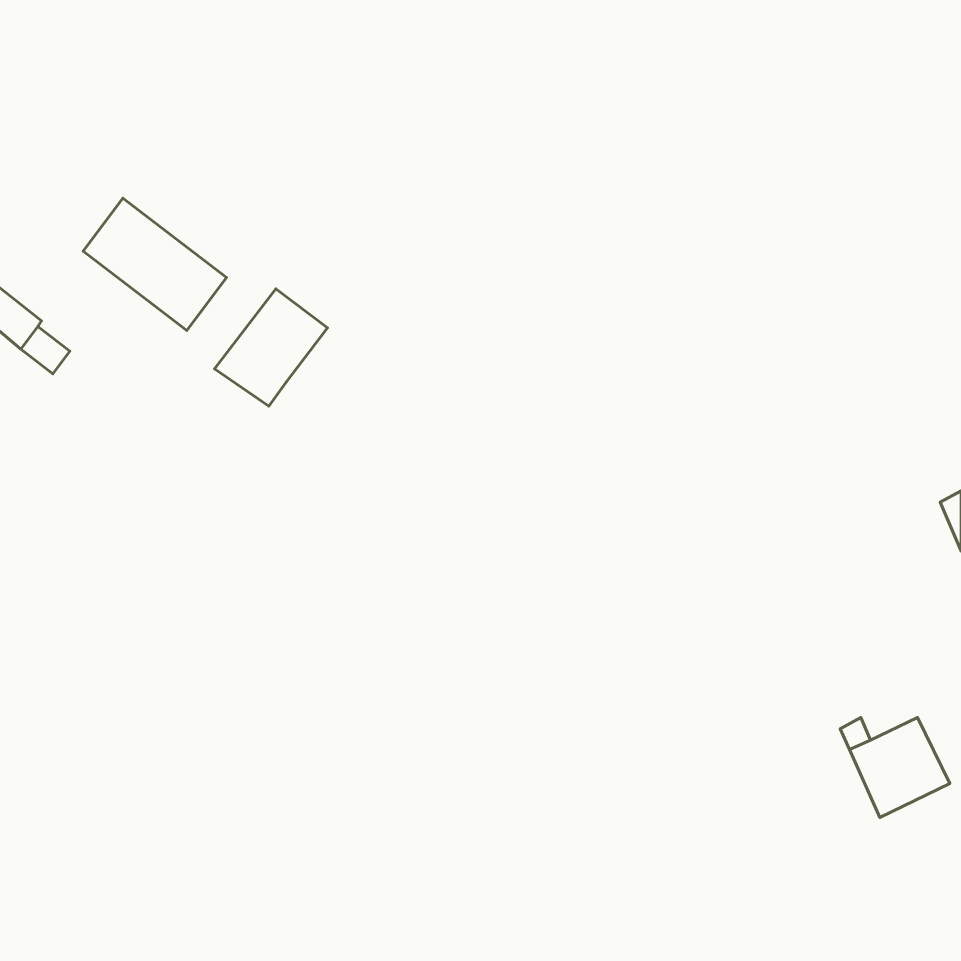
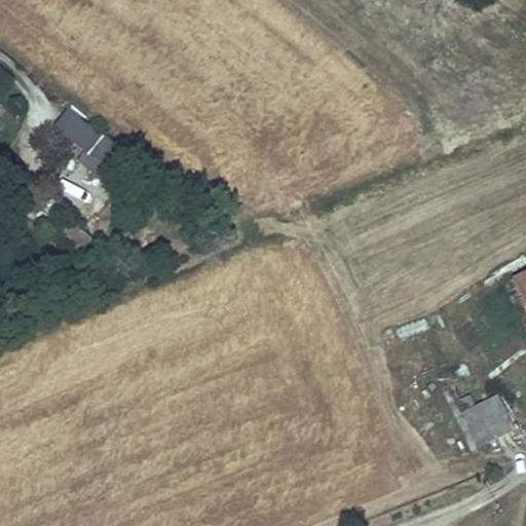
building: [215,289,327,406] -> none

